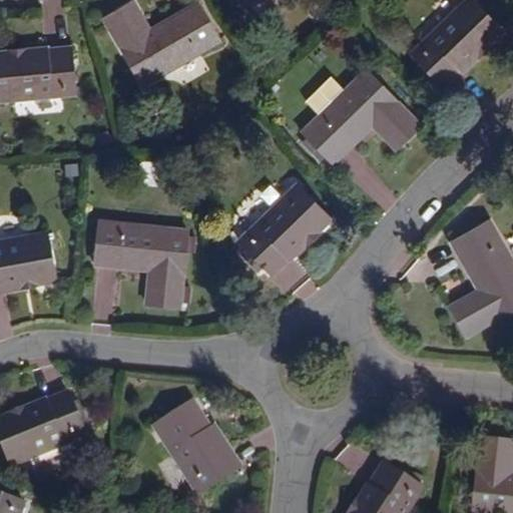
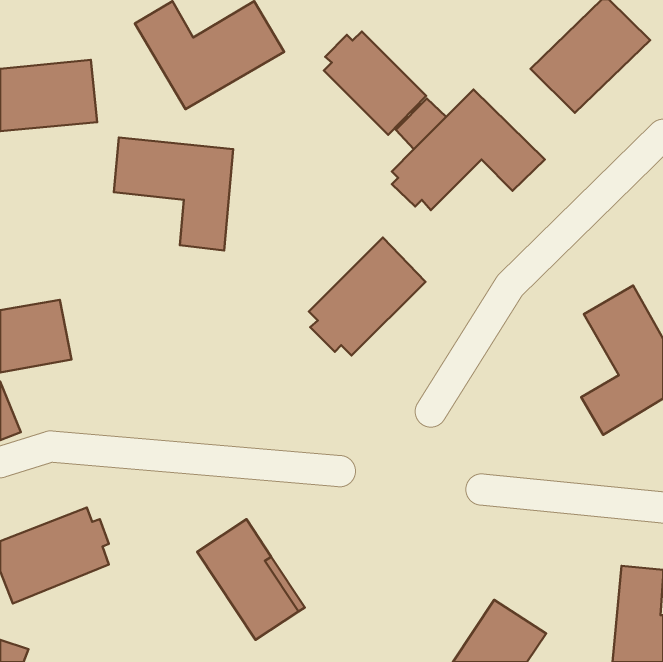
building: none -> [324,31,426,135]
building: [94,220,186,308] -> [114,137,233,250]

